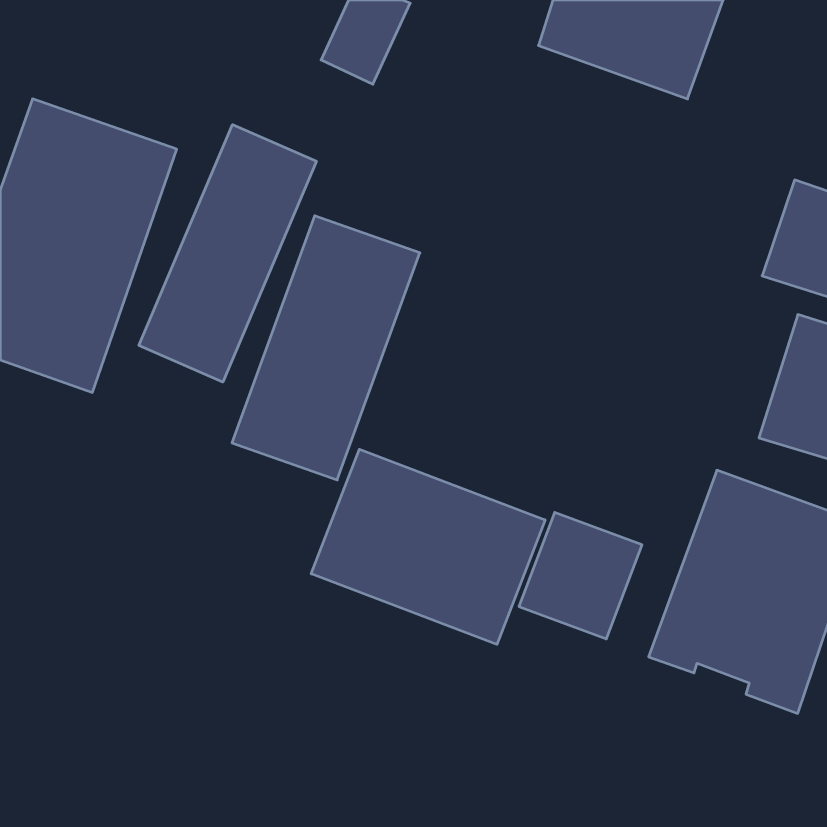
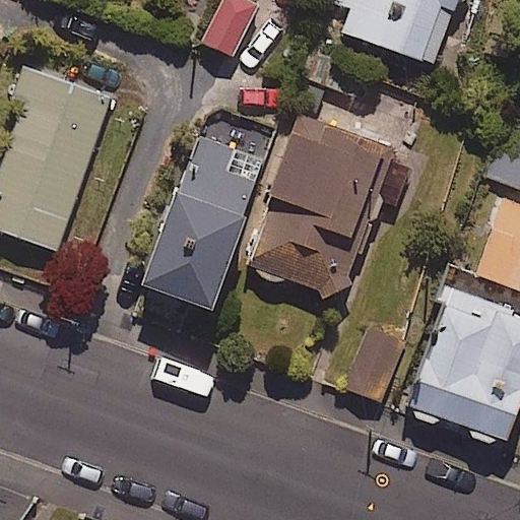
building: [139,125,316,382] -> none
building: none -> [250,112,412,300]
building: [311,449,545,644] -> none

